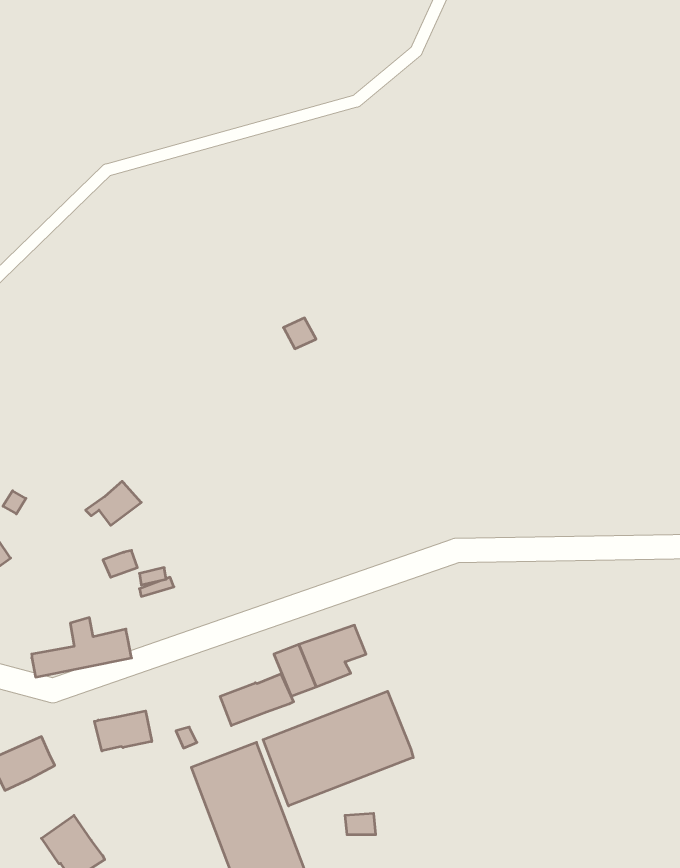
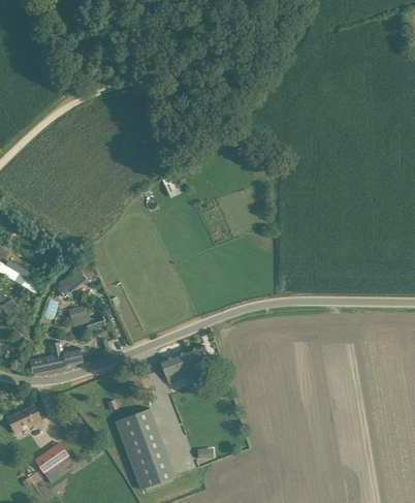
building: [220,674,294,726] -> none
building: [263,691,413,806] -> none
building: [94,711,152,751] -> none

